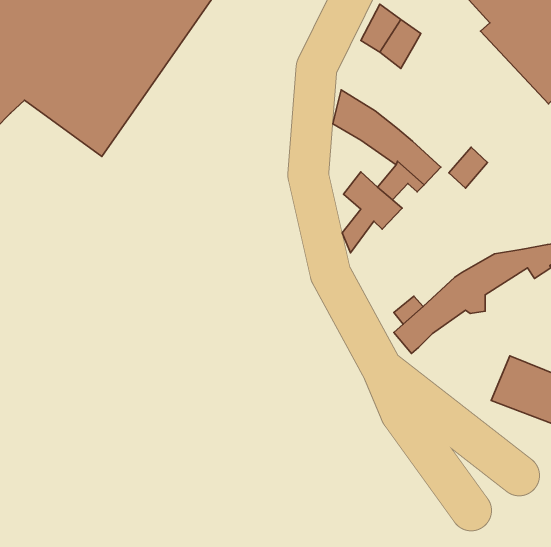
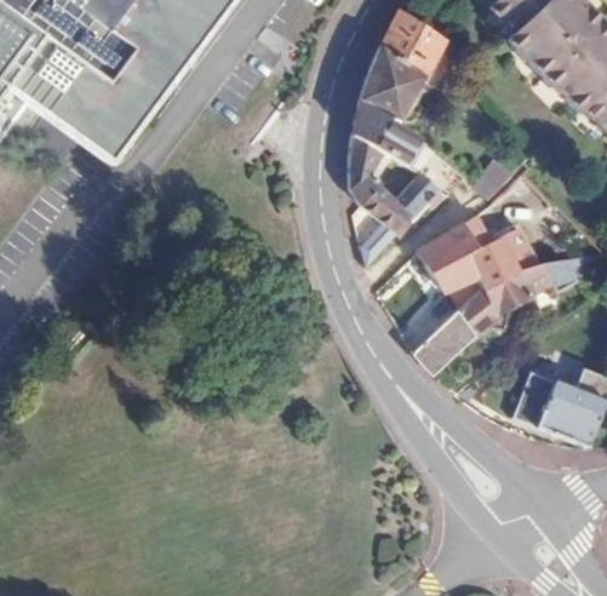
building: none -> [360,45,422,118]
building: none -> [350,131,380,204]
building: none -> [418,223,519,290]

